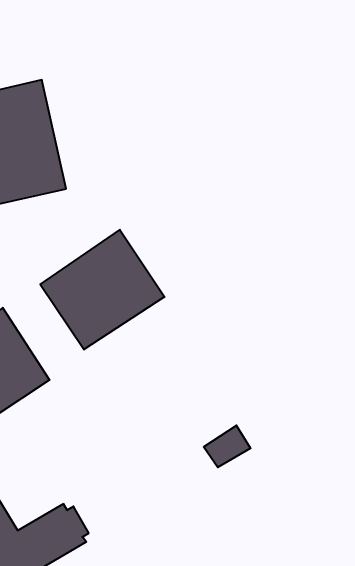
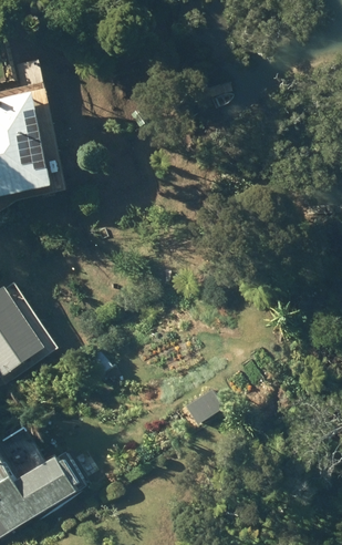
building: [40,230,165,350] -> none

